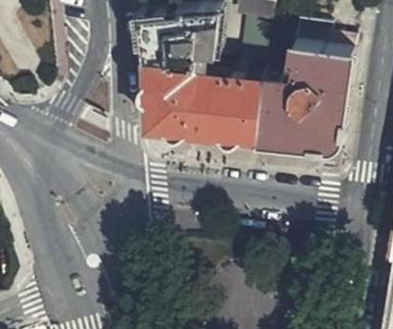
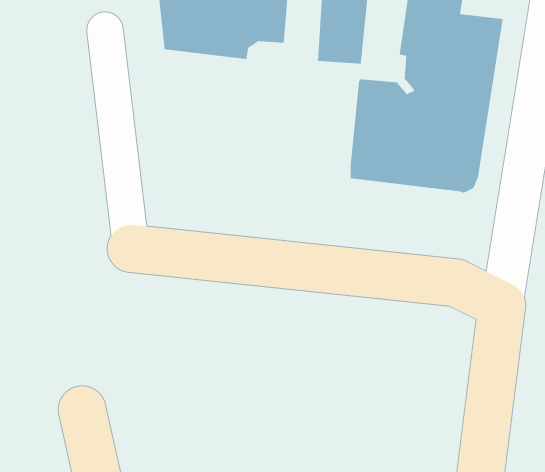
building: [143,61,264,142] -> none

